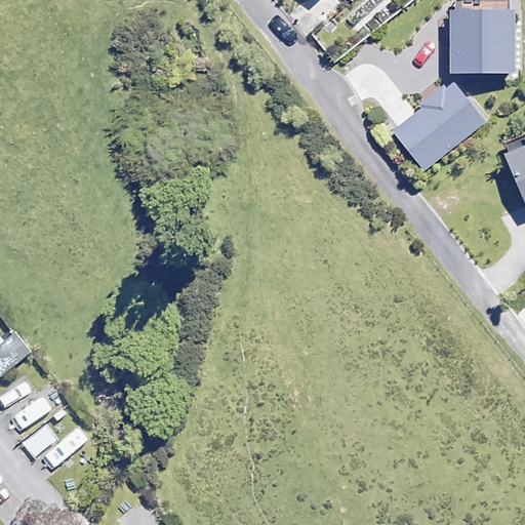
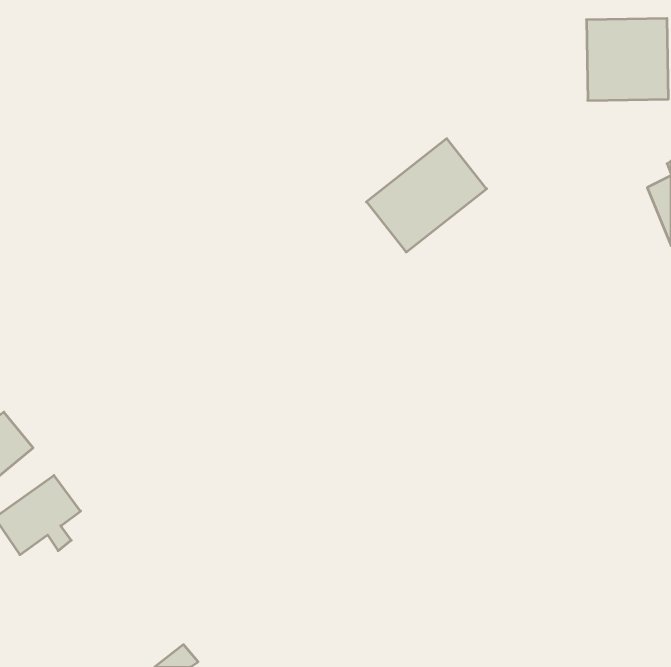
building: [390,81,483,169] -> [366,139,487,252]

